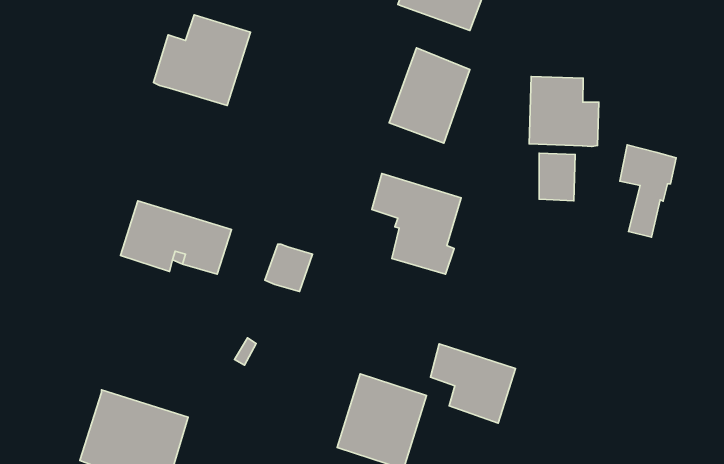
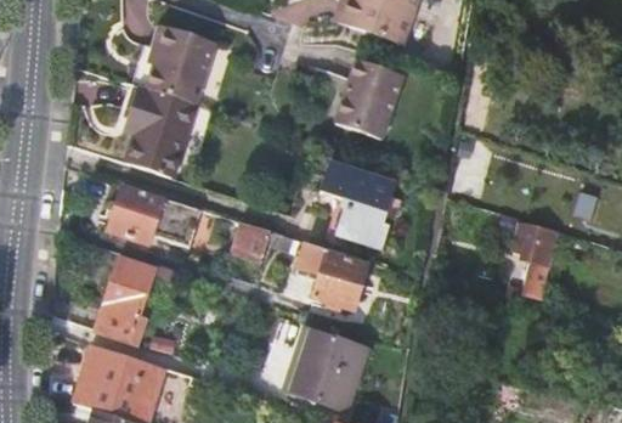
building: [529,77,599,146] -> none
building: none -> [129,88,198,177]
building: [620,145,676,237] -> [514,222,561,300]
building: none -> [96,259,185,344]
building: [430,344,516,423] -> [298,242,369,309]

